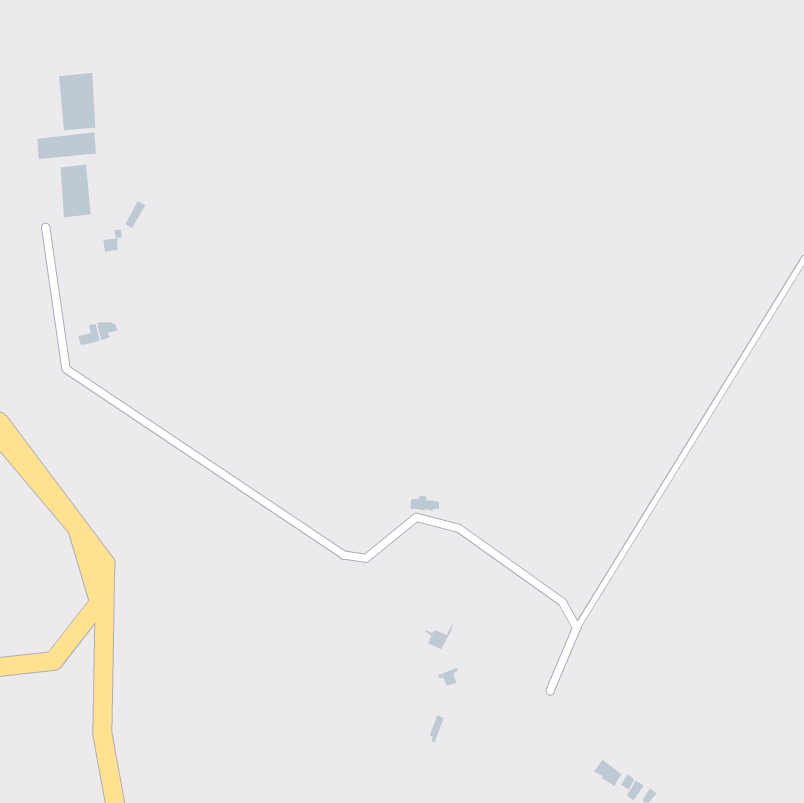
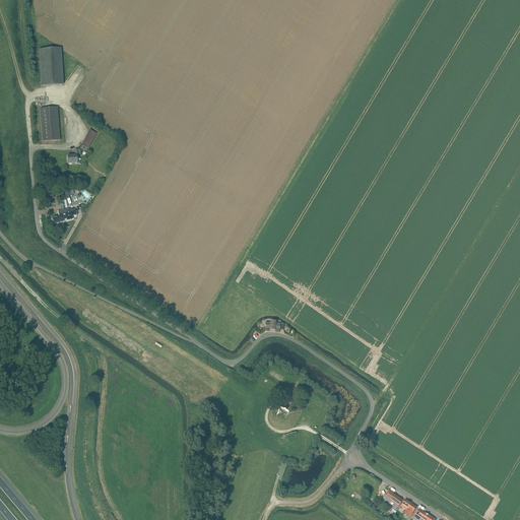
building: [37,131,96,160] -> none

